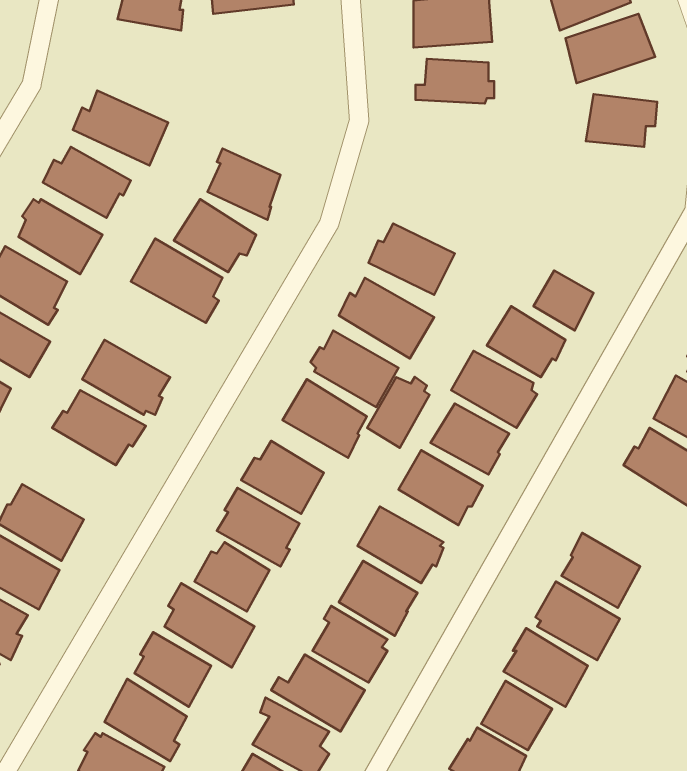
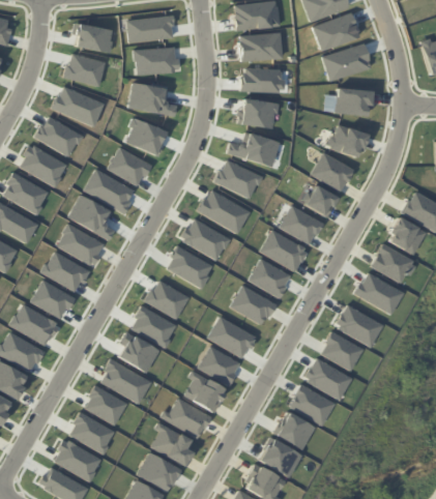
building: none -> [135,47,179,75]
building: none -> [62,53,106,88]
building: none -> [126,82,177,117]
building: none -> [240,98,278,129]
building: none -> [330,125,369,157]
building: none -> [227,133,280,168]
building: none -> [311,152,355,192]
building: none -> [67,195,116,241]
building: [367,377,430,448] -> none
building: none -> [30,280,76,319]
building: none -> [338,304,384,348]

